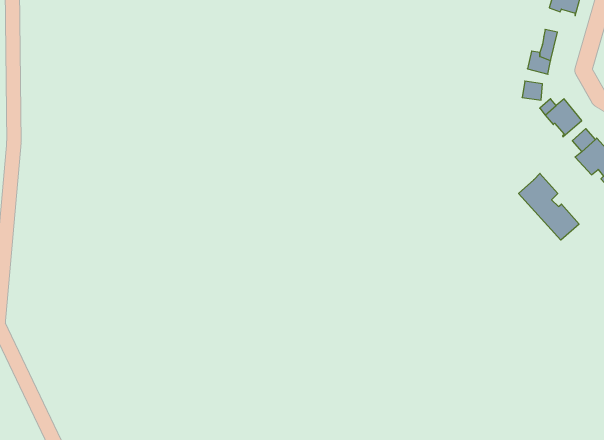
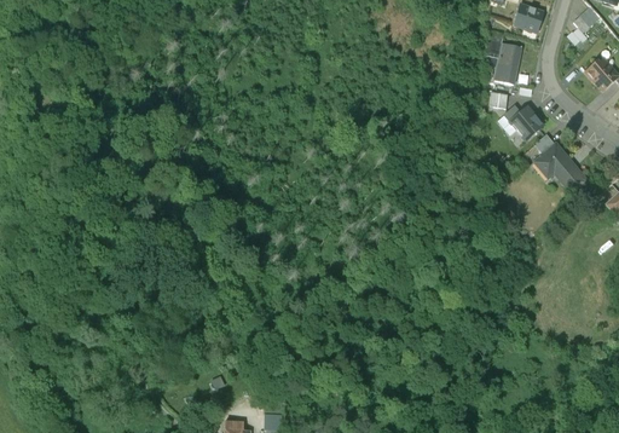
building: [519,173,579,240] -> none

